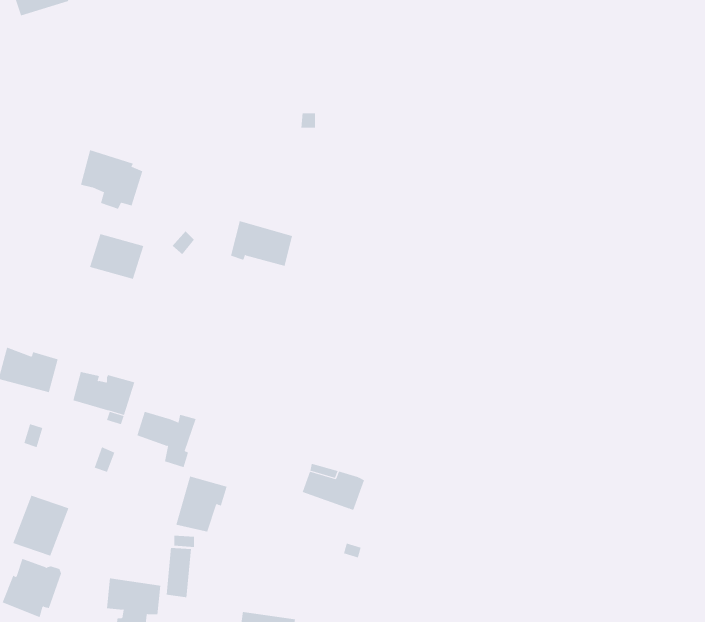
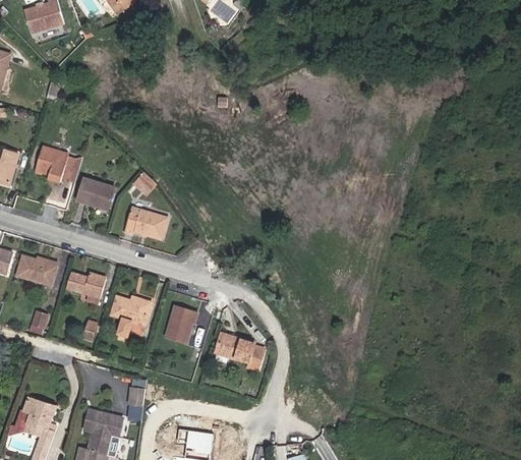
building: [80,150,143,209] -> [36,148,77,187]
building: [230,221,293,267] -> [125,209,167,239]
building: [176,476,228,532] -> [163,305,197,343]
building: [12,495,69,557] -> none

